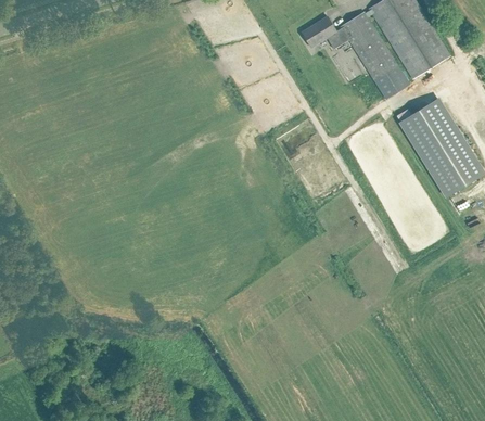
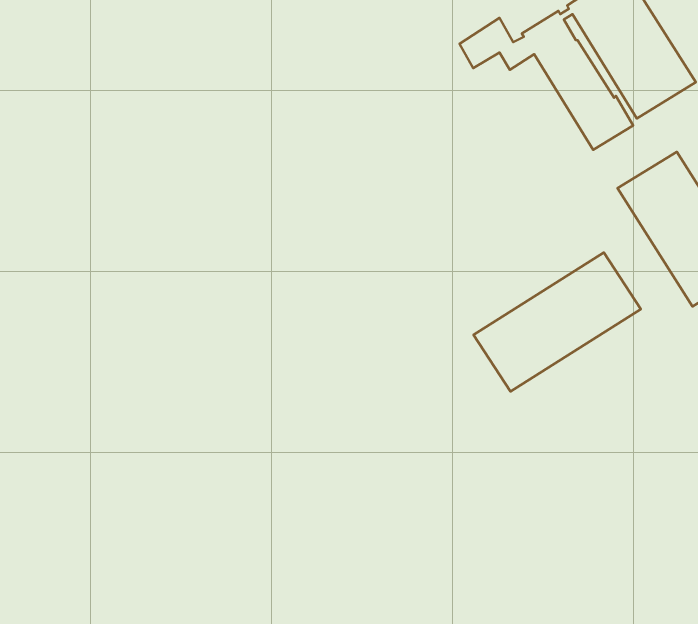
building: none -> [474,252,641,392]

